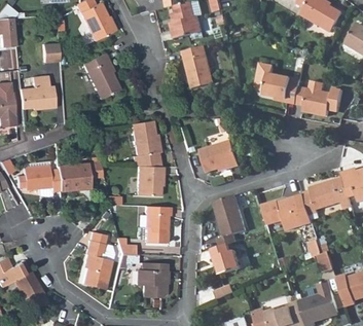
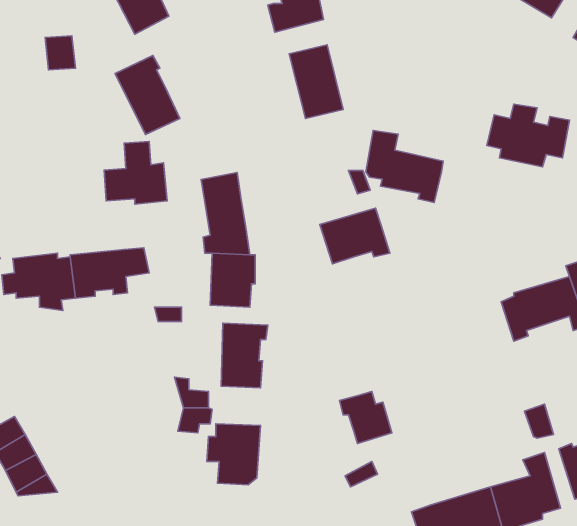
building: [256,63,300,104] -> [366,131,443,202]
building: [21,73,57,109] -> [104,141,167,204]
building: [213,194,246,247] -> none
building: [261,196,300,229] -> none
building: [81,231,113,289] -> none

